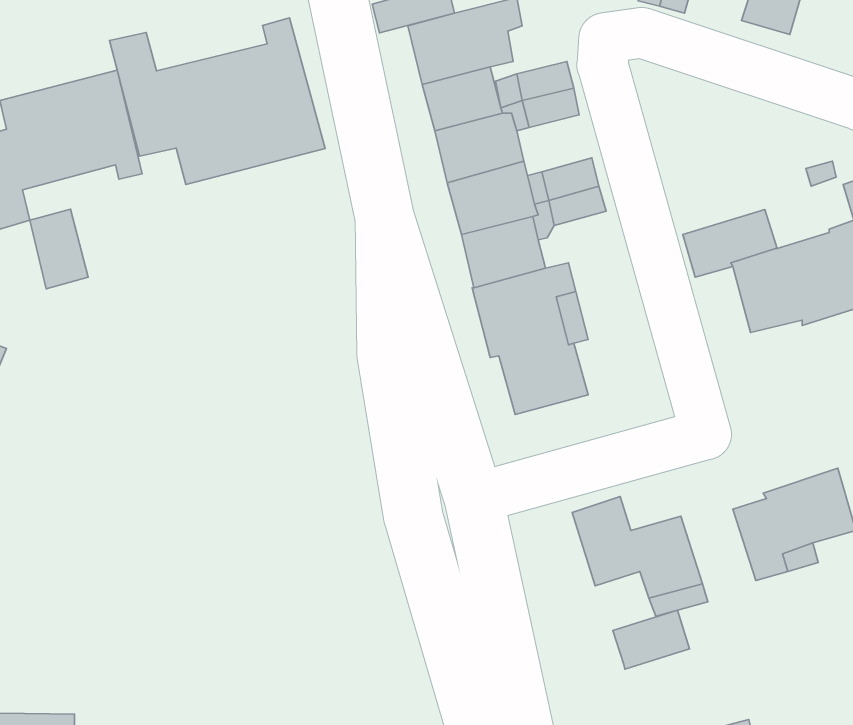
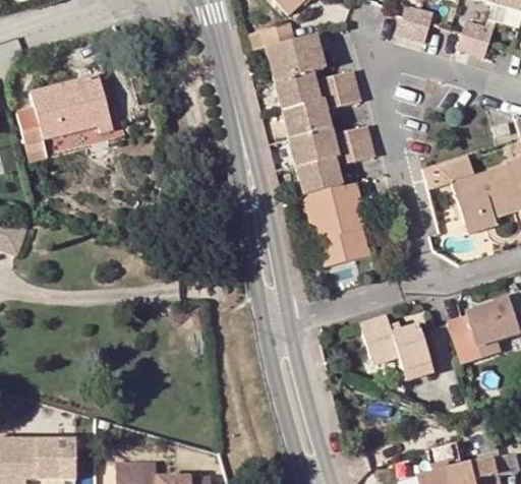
building: [109,18,325,184] -> none
building: [30,209,88,289] -> none
building: [613,610,689,669] -> none

